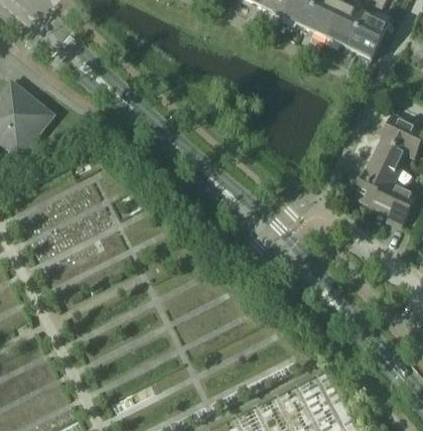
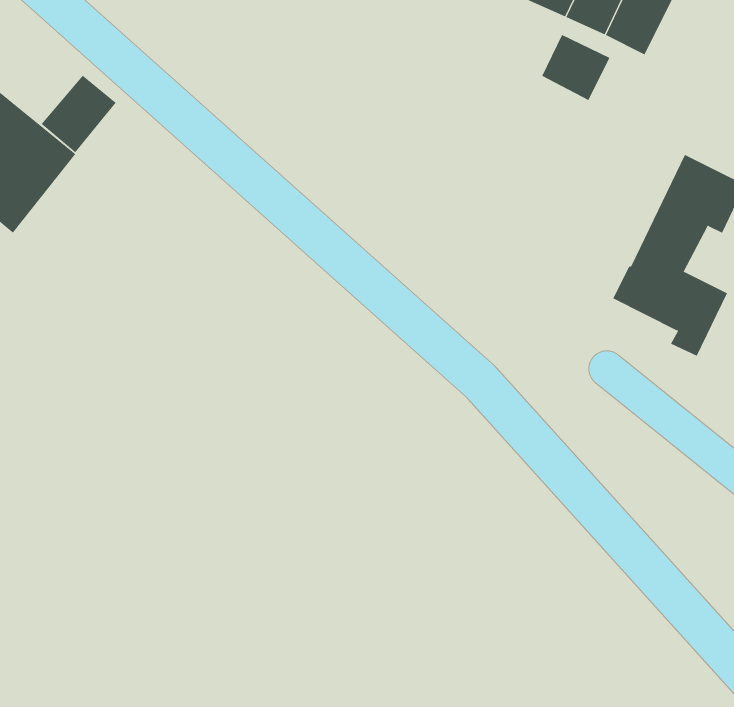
building: none -> [542,34,610,101]
building: none -> [41,75,116,153]

